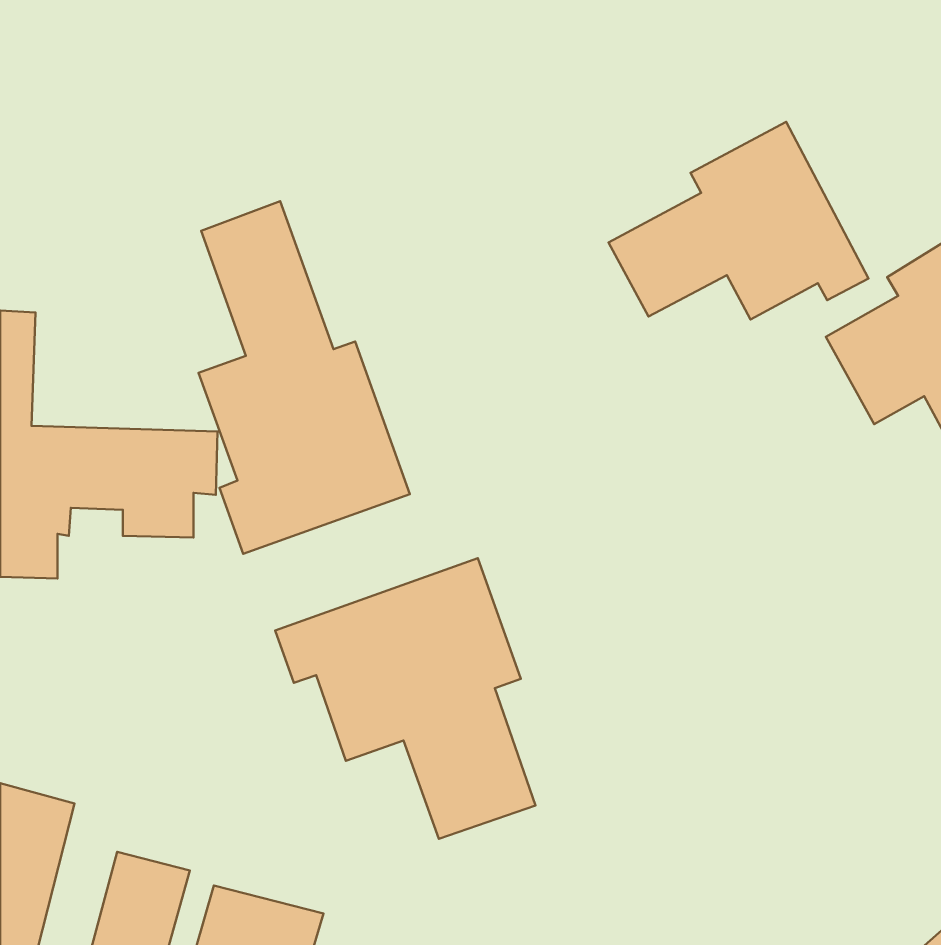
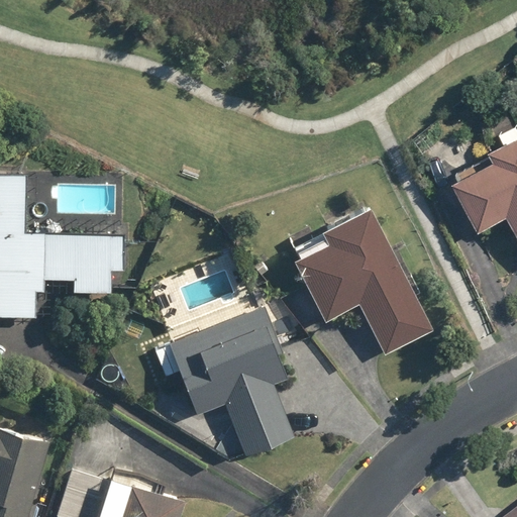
building: [609,122,869,320] -> none
building: [198,201,410,554] -> none
building: none -> [289,206,430,356]

